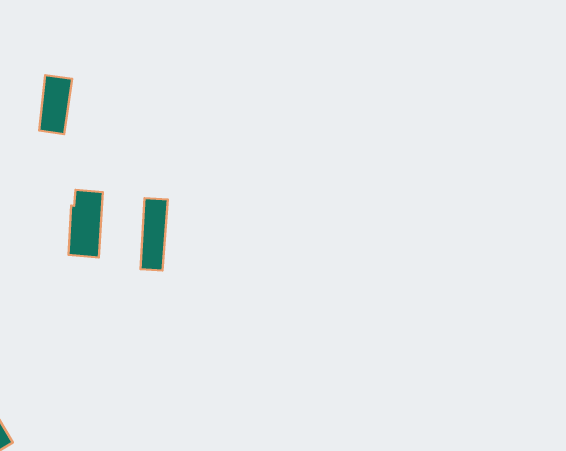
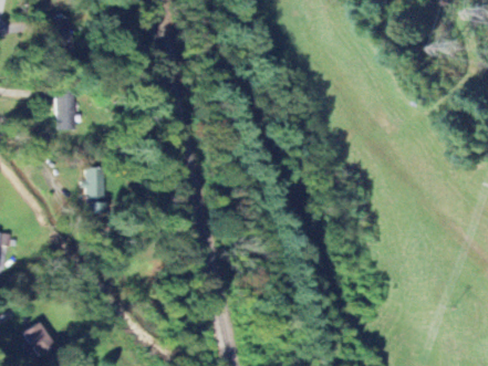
building: [140,198,168,270] -> none

